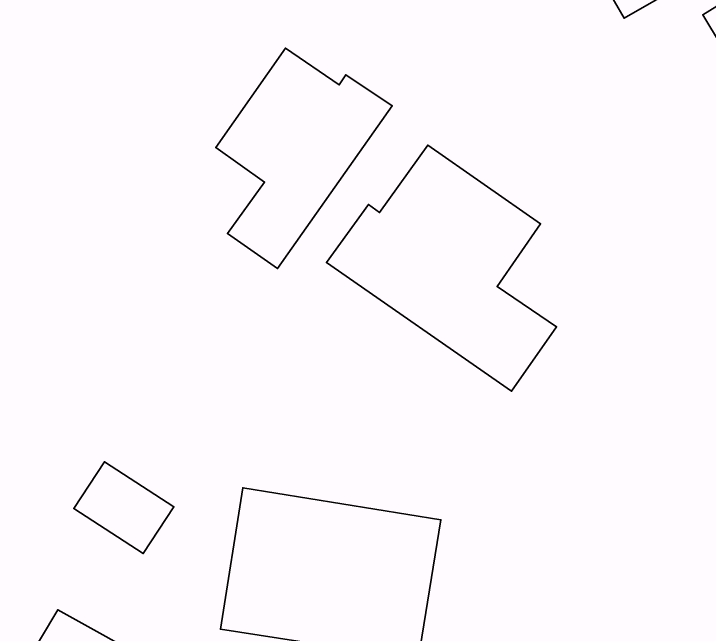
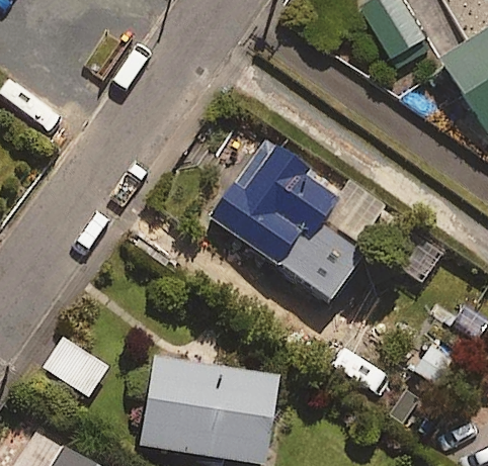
building: [216,48,392,269] -> none

